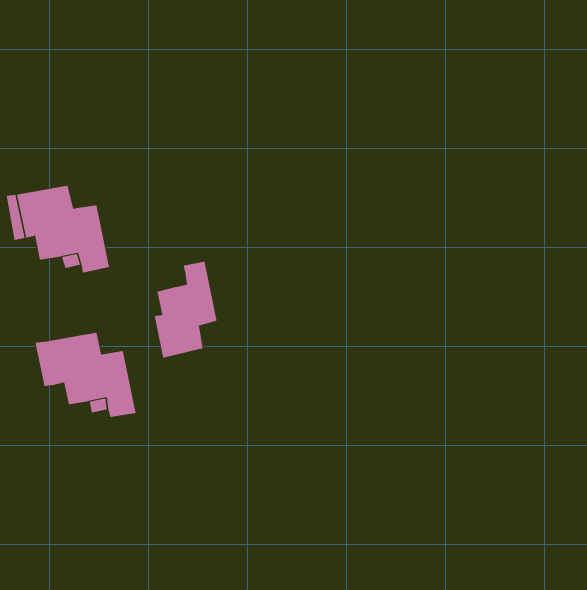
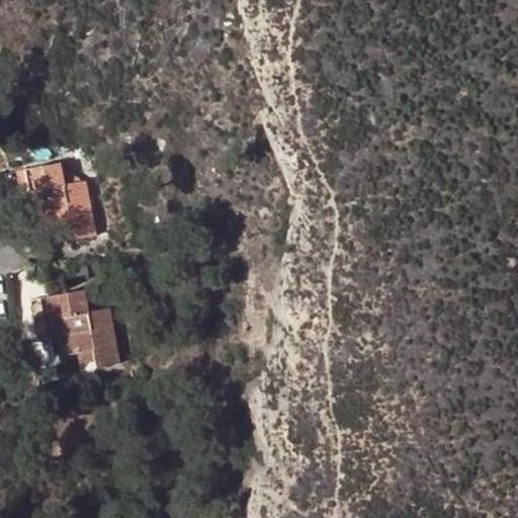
building: [154,261,217,358] -> none

